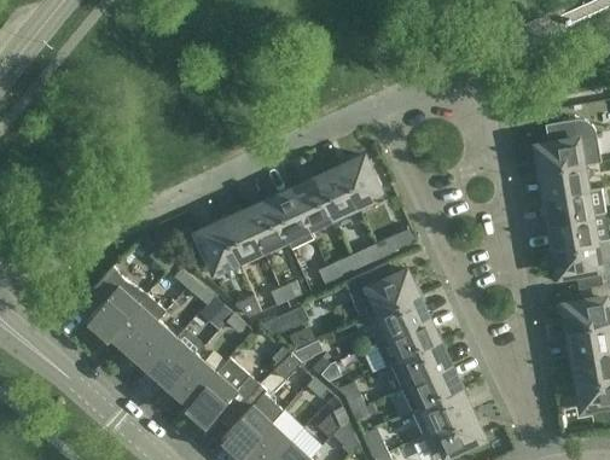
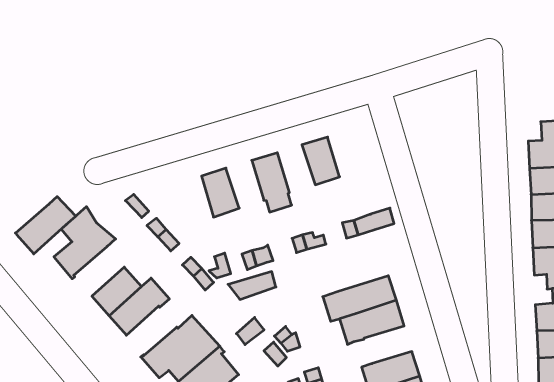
building: [338,157,380,205] -> none
building: [291,179,332,227] -> none
building: [243,200,284,249] -> none
building: [196,222,237,272] -> none
building: [343,262,416,321] -> none
building: [108,295,164,354] -> [15,197,76,254]
building: [390,343,448,389] -> none
building: [167,355,215,406] -> none

